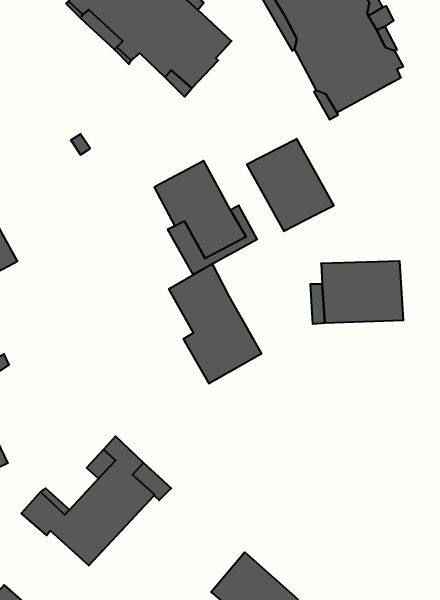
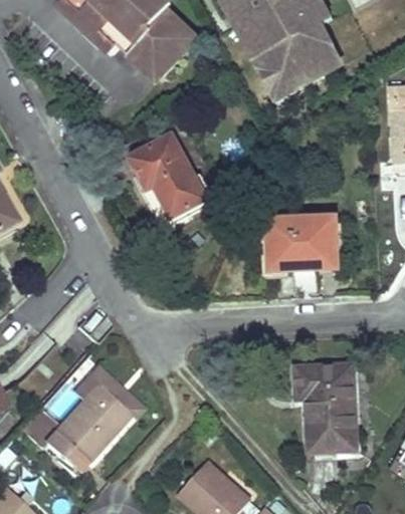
building: [247,139,334,231] -> none
building: [169,264,261,384] -> none
building: none -> [296,364,356,450]

